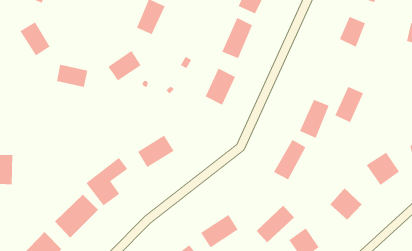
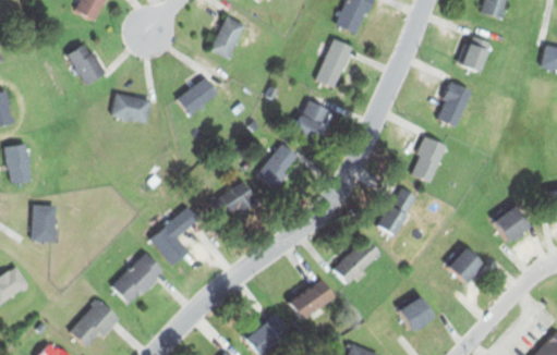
building: [334,86,364,123] -> [435,83,471,127]
building: none -> [256,143,300,189]
building: [256,205,295,243] -> [334,236,382,283]

